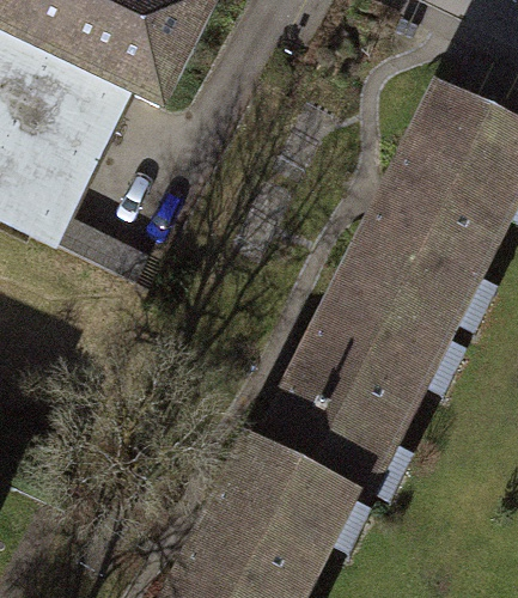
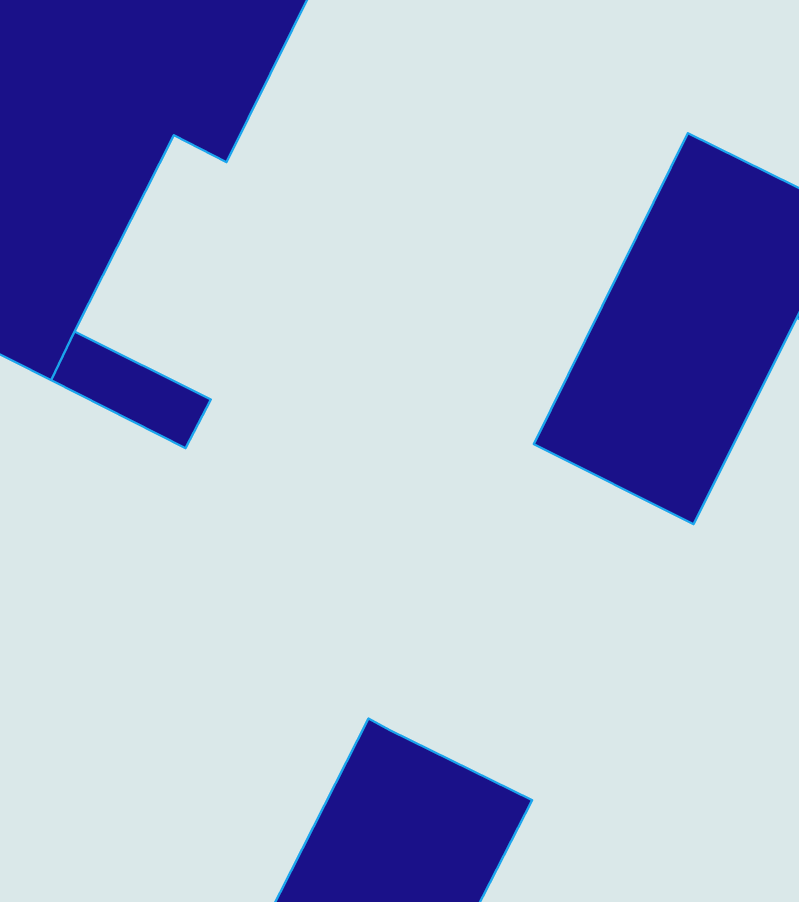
building: [258,282,445,507] -> none

